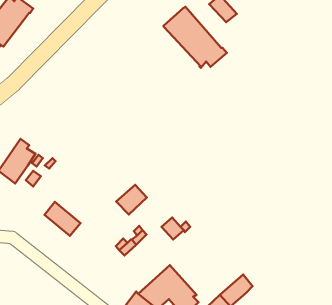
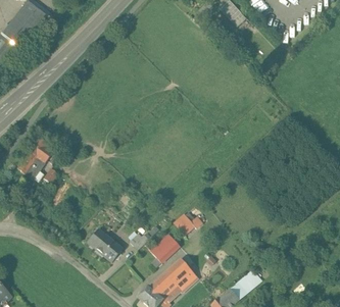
building: [164,7,227,68] -> none
building: [116,185,147,214] -> [150,233,180,261]
building: [44,202,80,236] -> [87,228,122,261]

